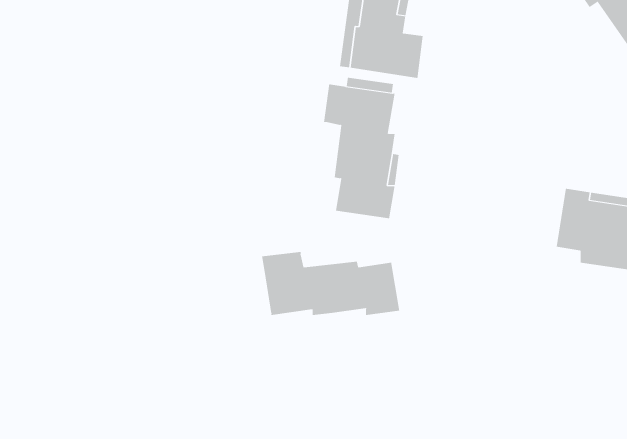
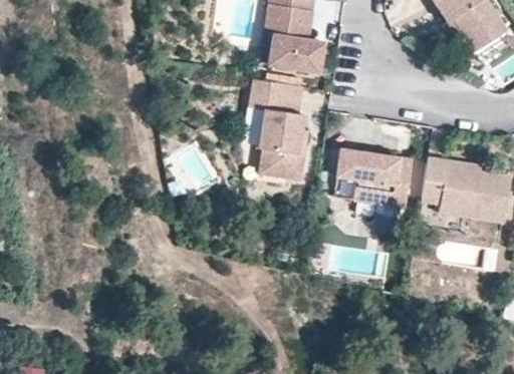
building: none -> [336,147,414,207]
building: [261,251,400,316] -> none

